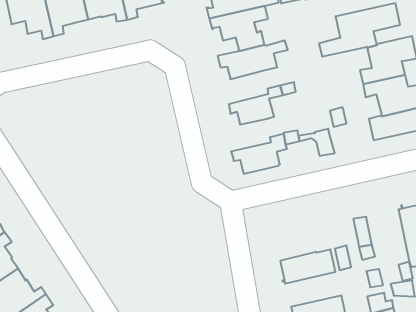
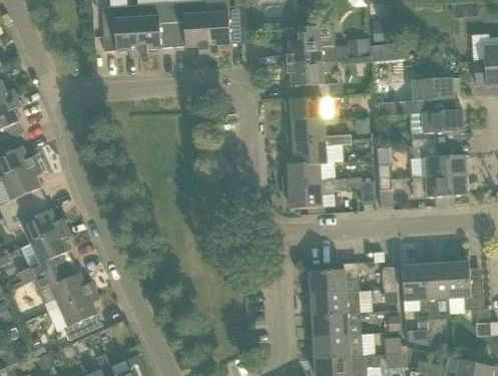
building: none -> [287,118,325,143]
building: none -> [283,162,321,186]
building: none -> [403,262,427,311]
building: none -> [308,262,359,293]
building: none -> [310,311,361,336]

